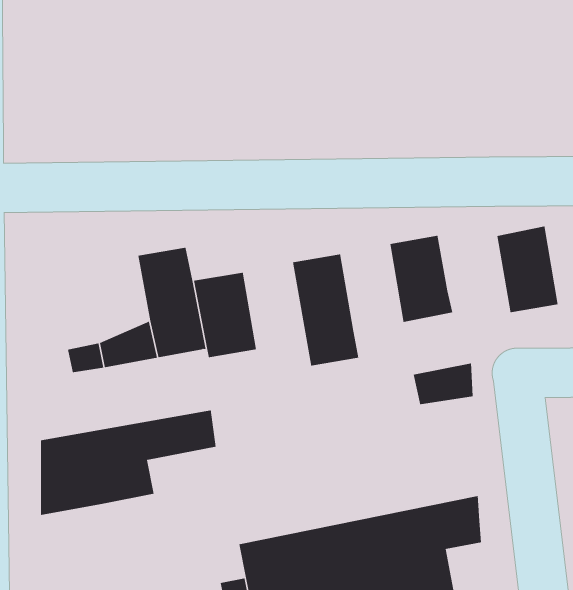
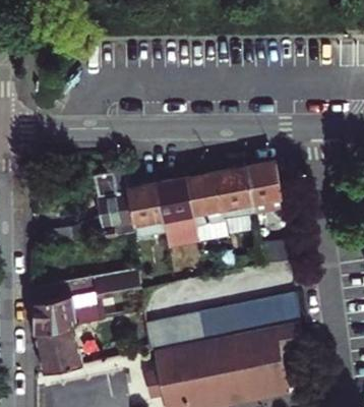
building: [496,226,559,313] -> [218,167,255,220]
building: none -> [159,178,199,246]
building: none -> [145,292,301,350]
building: none -> [36,325,83,372]

